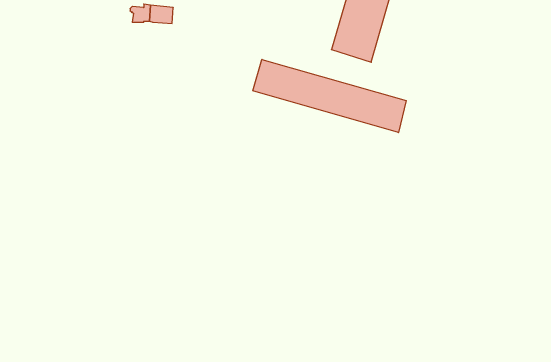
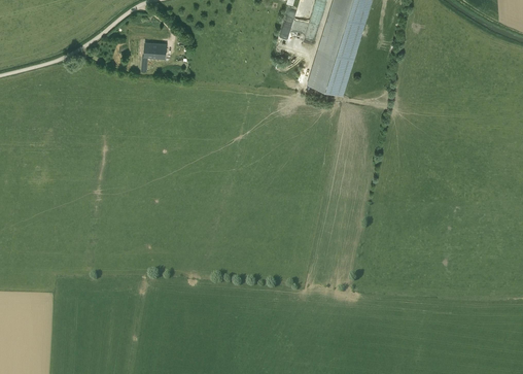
building: [253,59,406,133] -> none

